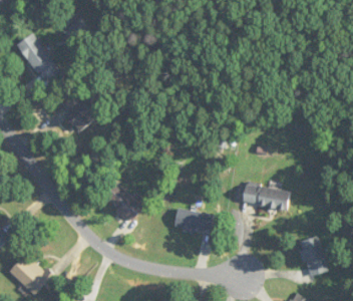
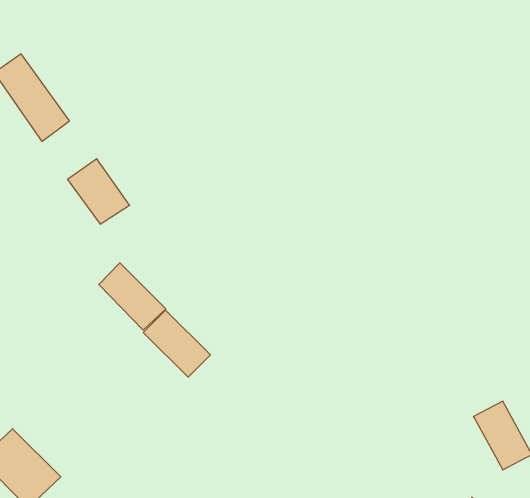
building: none -> [99,263,166,330]
building: [239,182,292,211] -> none
building: [173,209,213,234] -> none

